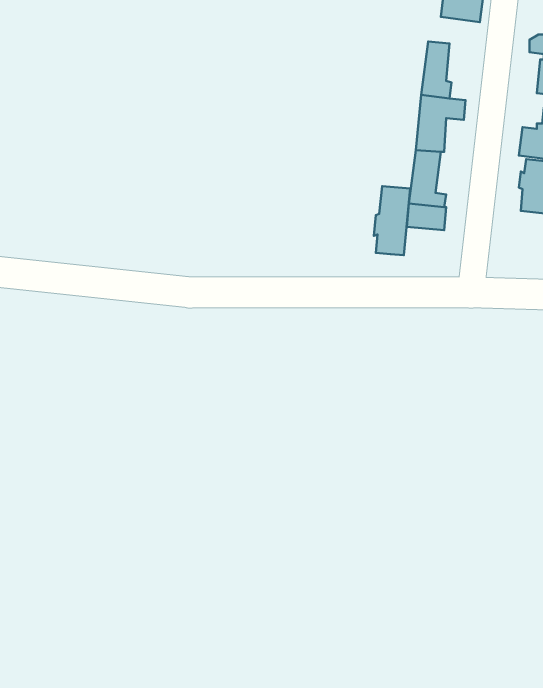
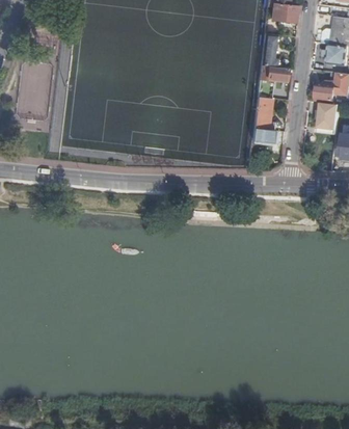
building: [374,186,410,255] -> none

